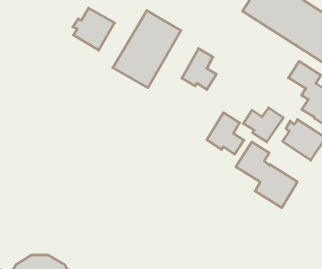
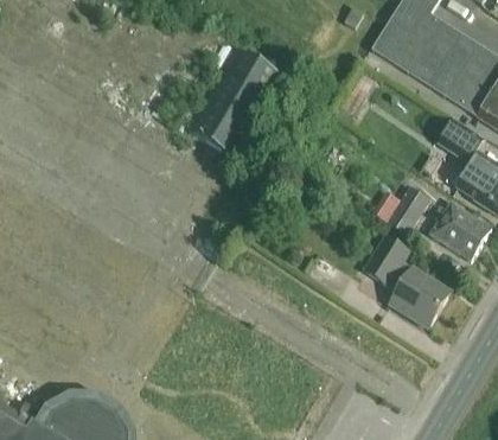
building: [73,8,115,50] -> none
building: [182,48,216,90] -> none
building: [207,113,244,154] -> none

